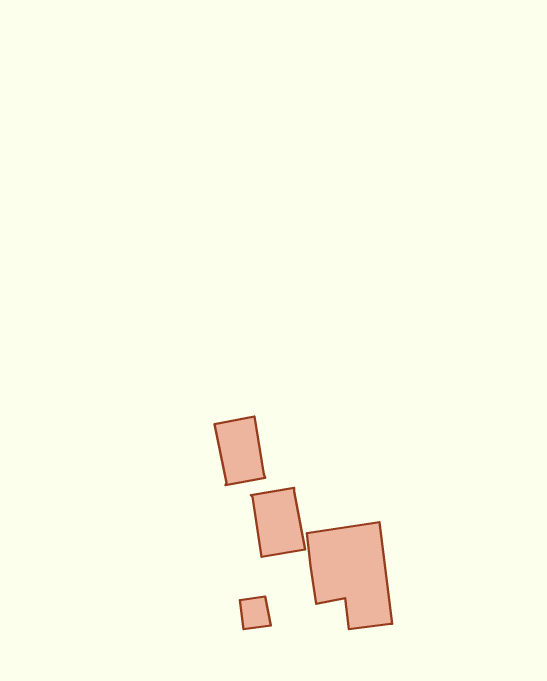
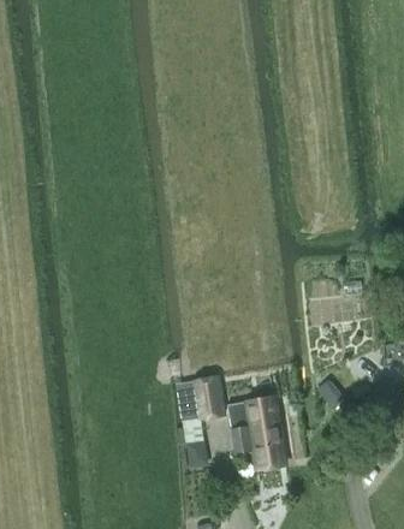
building: [215,417,265,485] -> none

